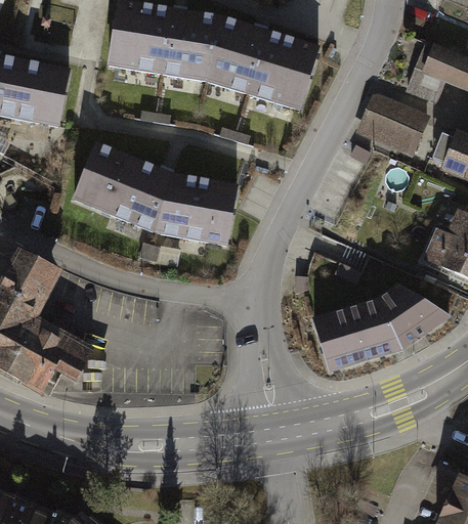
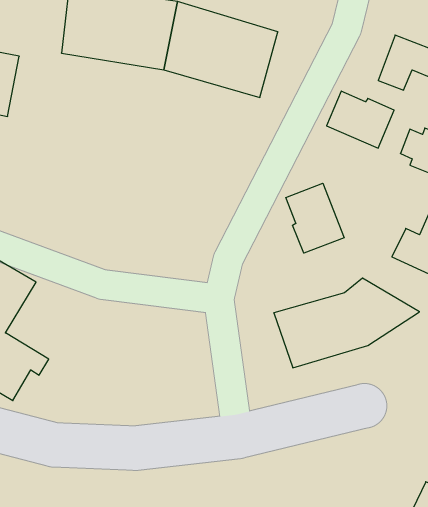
building: [69,141,232,244] -> none
building: none -> [286,183,344,253]

